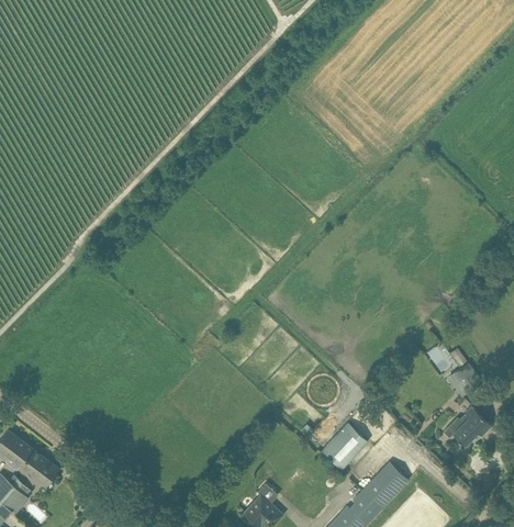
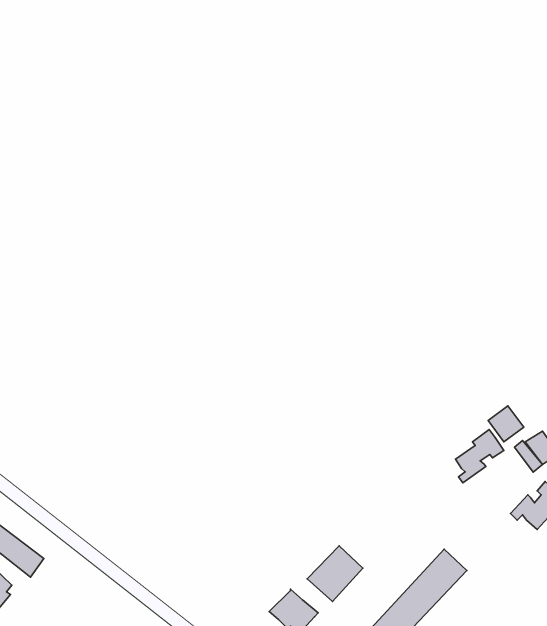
building: none -> [456,429,504,483]
building: [322,423,368,469] -> [307,546,363,601]

